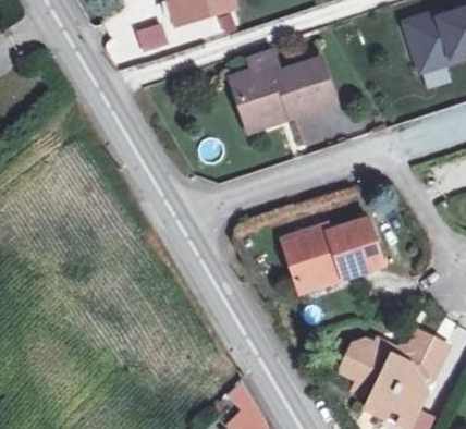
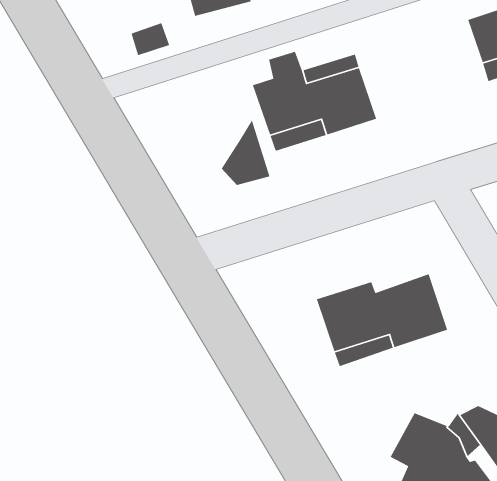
building: none -> [221,119,271,186]

